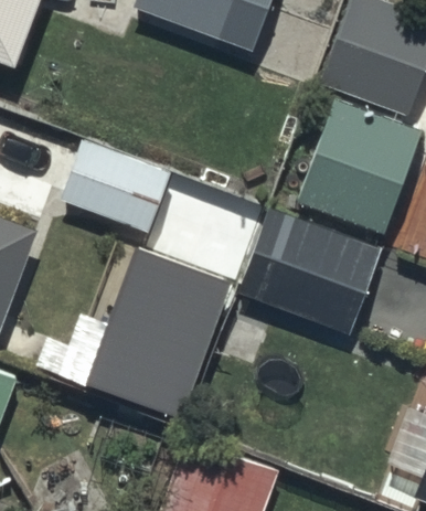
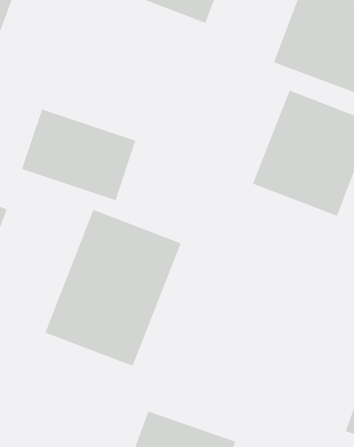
building: [216,207,385,371] -> none

